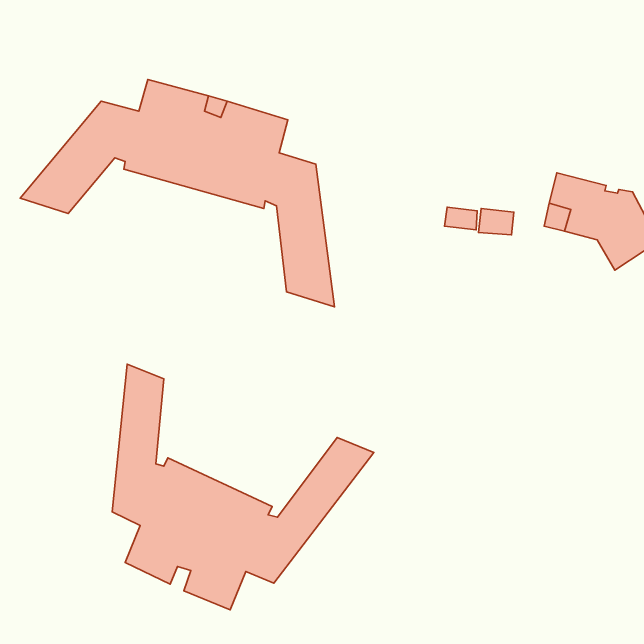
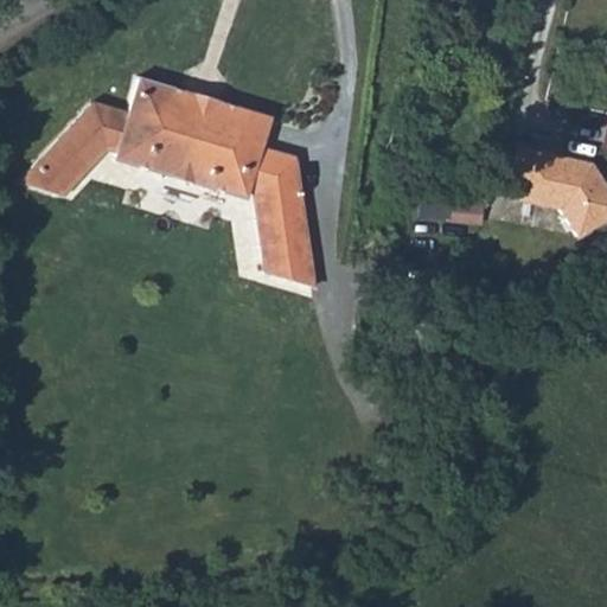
building: [112,364,374,610] -> none

